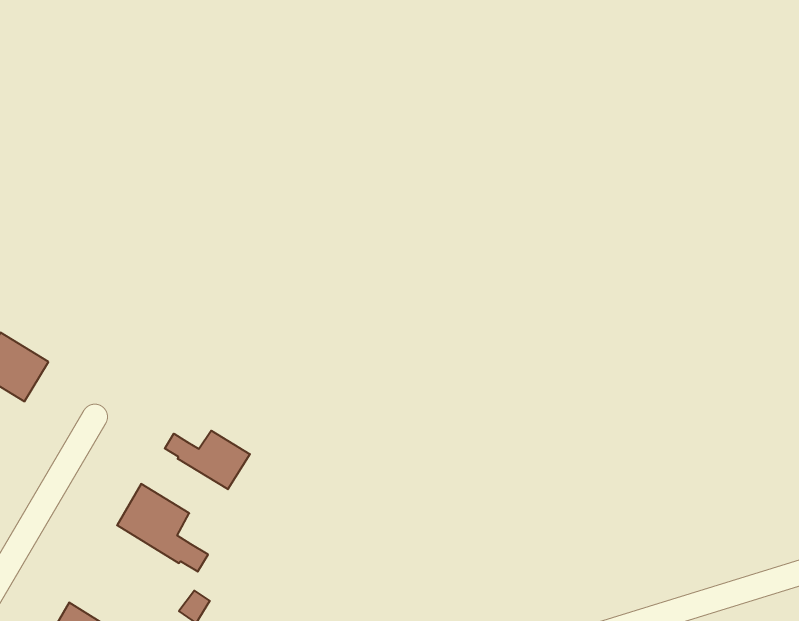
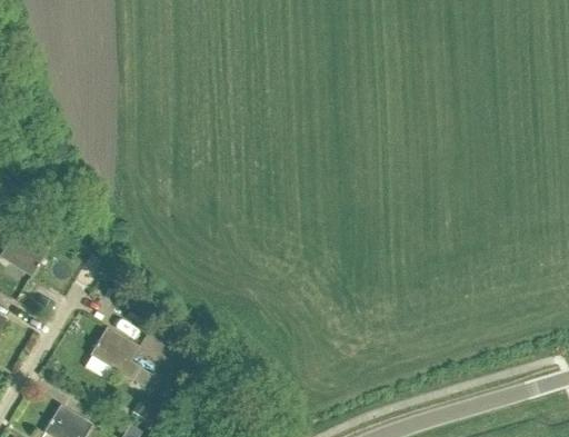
building: [165,431,250,489] -> none

